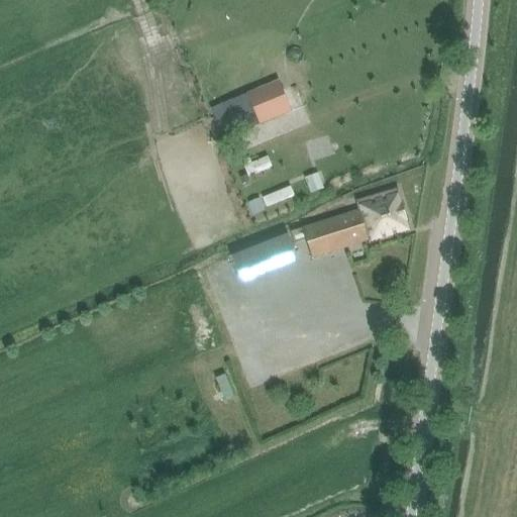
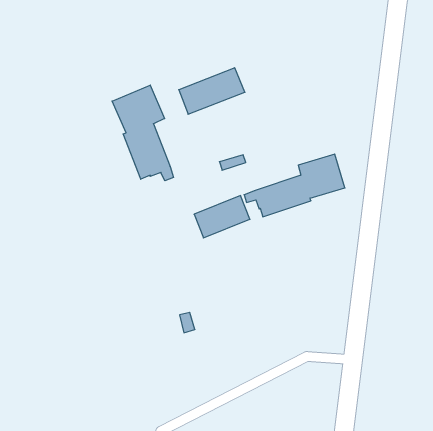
building: none -> [112,85,174,181]

